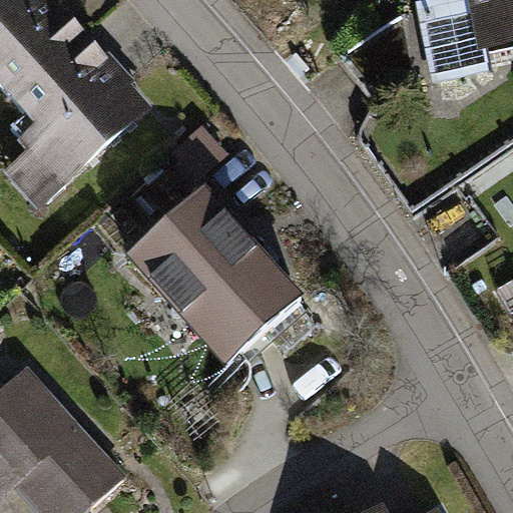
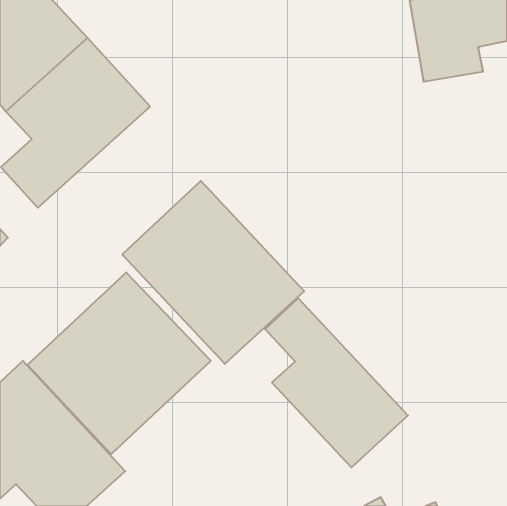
building: none -> [27,272,211,454]
building: none -> [265,298,408,467]

